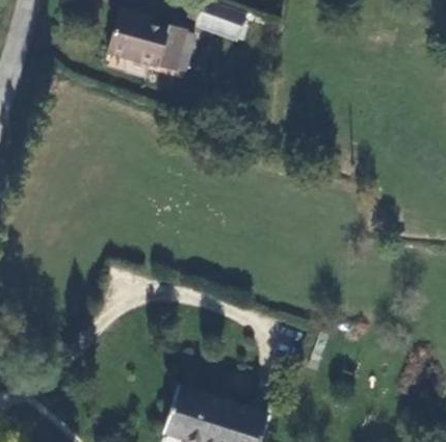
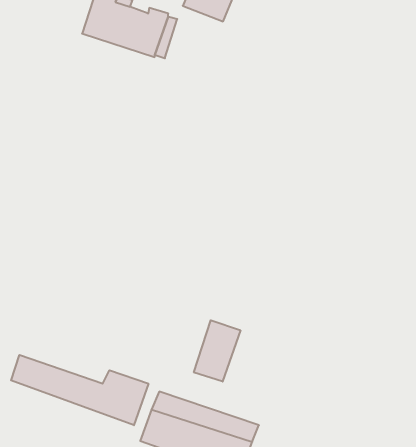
building: none -> [194,320,240,382]
building: none -> [11,355,148,425]

